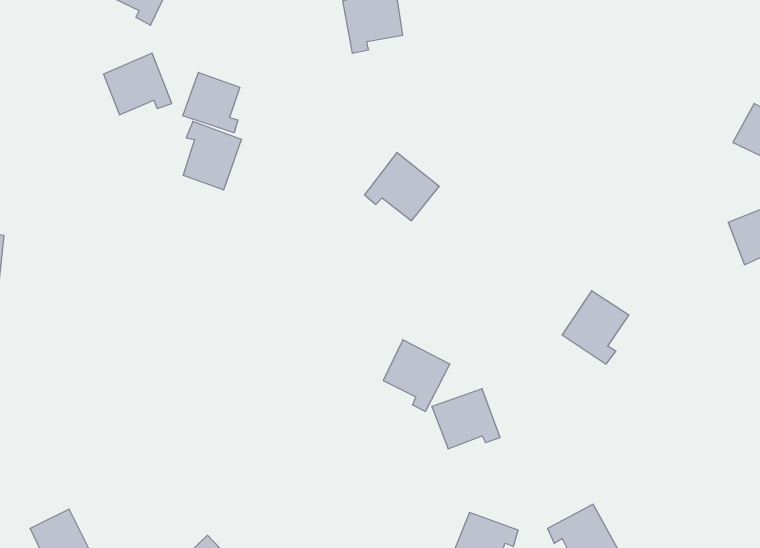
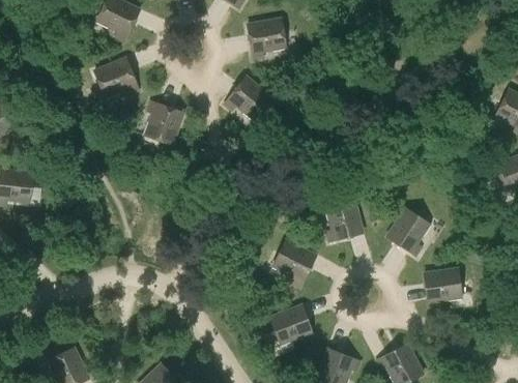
building: [183,72,240,133] -> none
building: [364,152,439,221] -> [225,76,272,119]
building: none -> [326,200,362,241]
building: none -> [424,268,461,306]
building: [432,389,500,449] -> [269,305,313,344]

